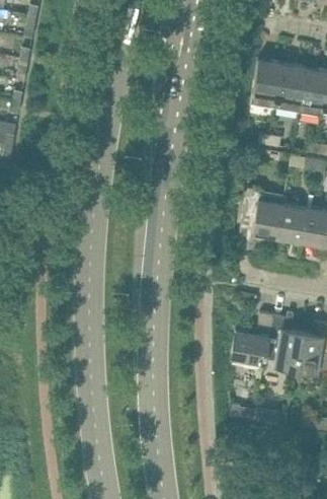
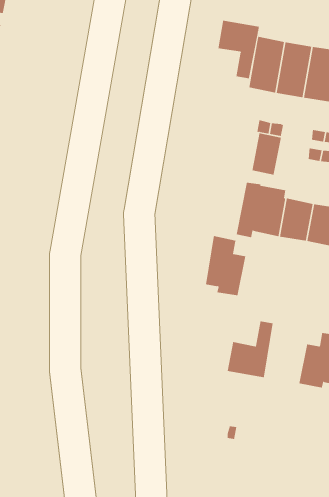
building: none -> [218,20,259,79]
building: none -> [252,132,281,175]
building: [265,314,302,369] -> [205,234,246,296]

